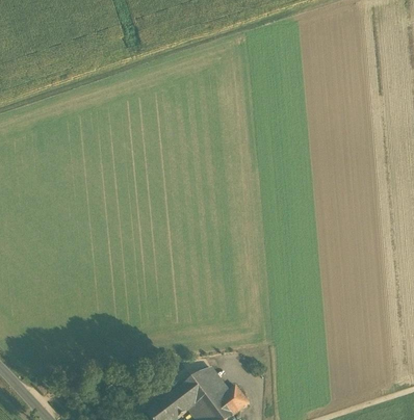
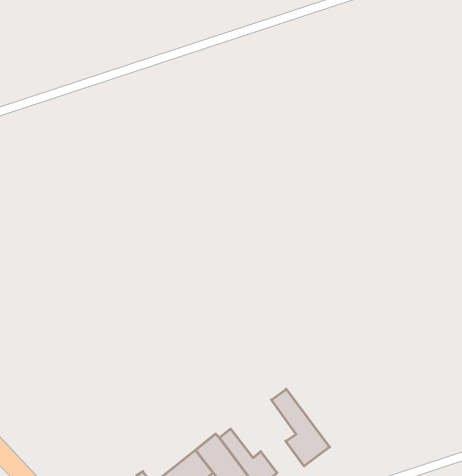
building: none -> [271,389,330,466]

